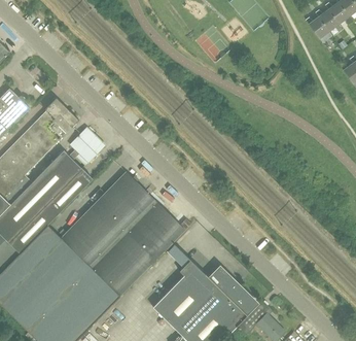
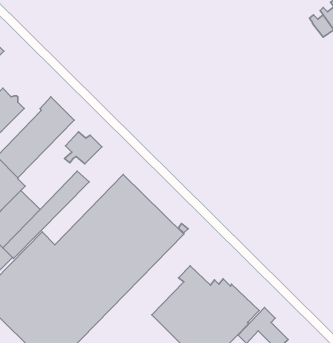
building: [27,149,81,205] -> none

